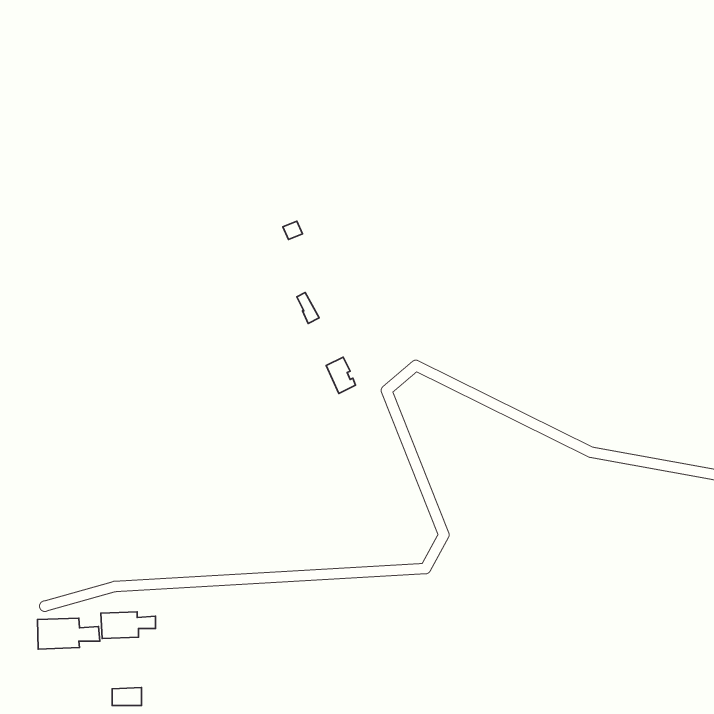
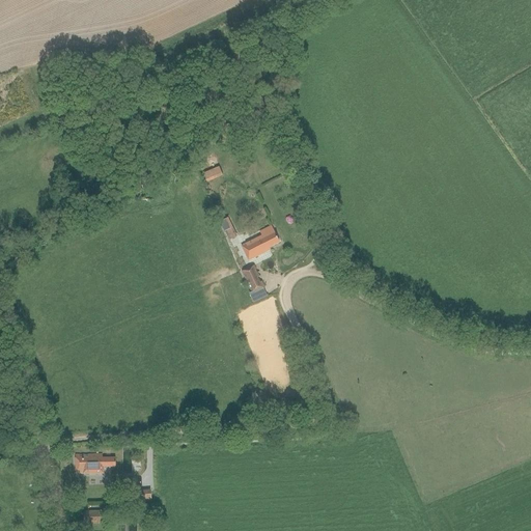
building: none -> [241,225,279,259]
building: [38,618,100,649] -> none

